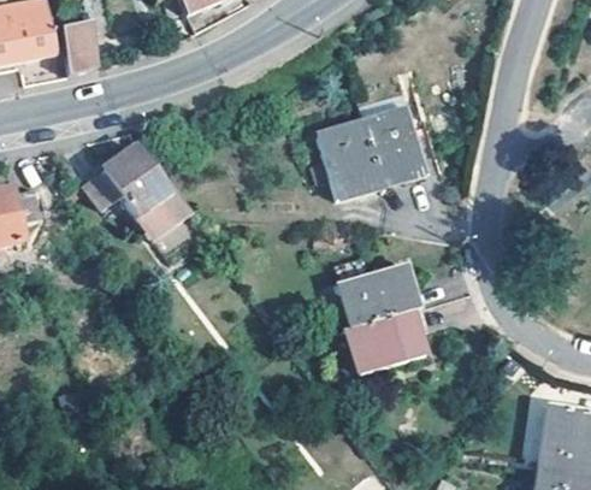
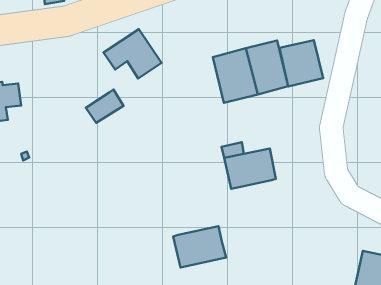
building: none -> [279,40,323,86]
building: [84,148,169,219] -> [104,29,161,78]
building: [344,309,422,372] -> [173,226,226,268]

